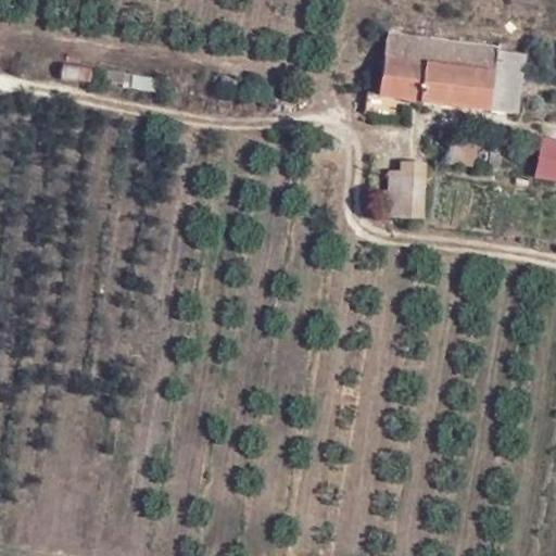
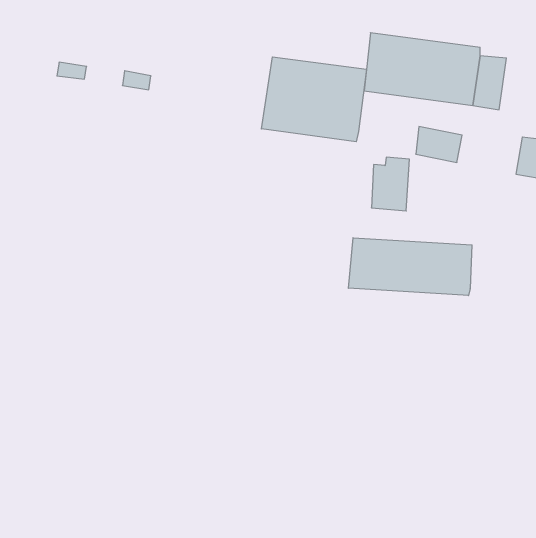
building: none -> [261,57,366,142]
building: none -> [348,238,472,296]

